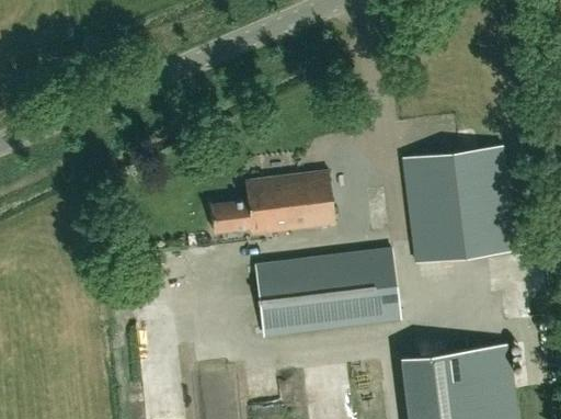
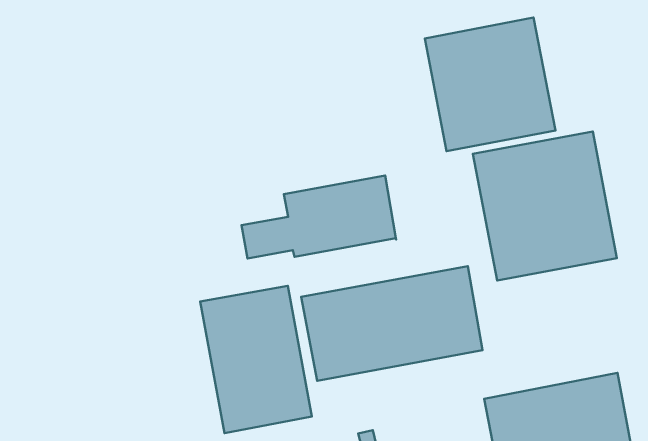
building: none -> [425,18,555,151]
building: none -> [200,286,312,433]

